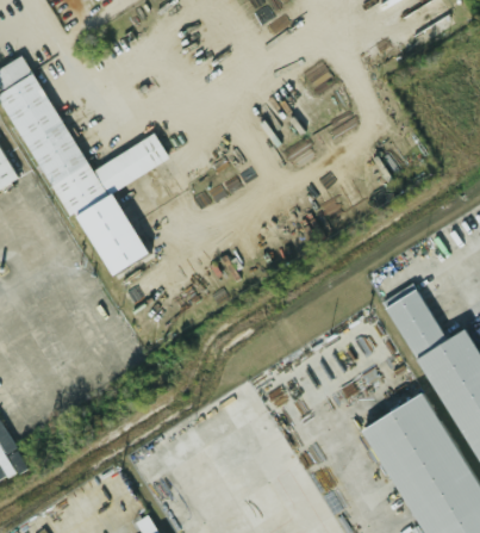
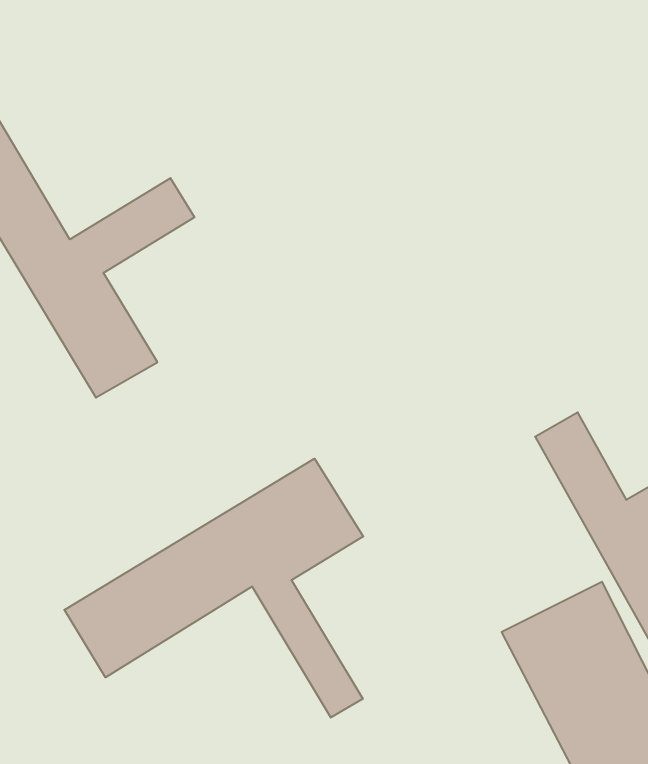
building: none -> [64,459,363,718]

